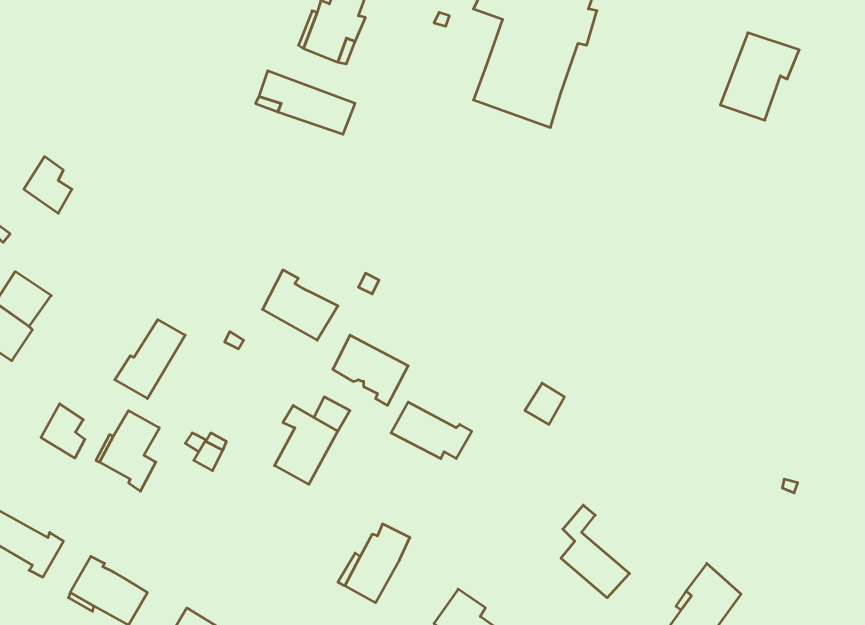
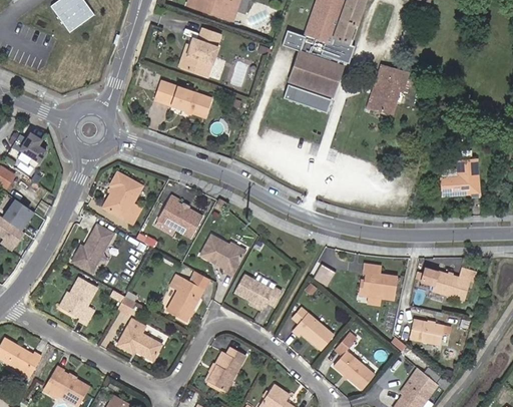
building: [720,33,799,120] -> [365,64,411,115]
building: none -> [441,158,480,195]
building: none -> [107,172,142,224]
building: none -> [357,262,394,297]
building: none -> [421,268,477,300]
building: [41,404,85,458] -> none
building: none -> [292,307,333,349]
building: none -> [117,319,161,361]
building: none -> [410,320,449,345]

